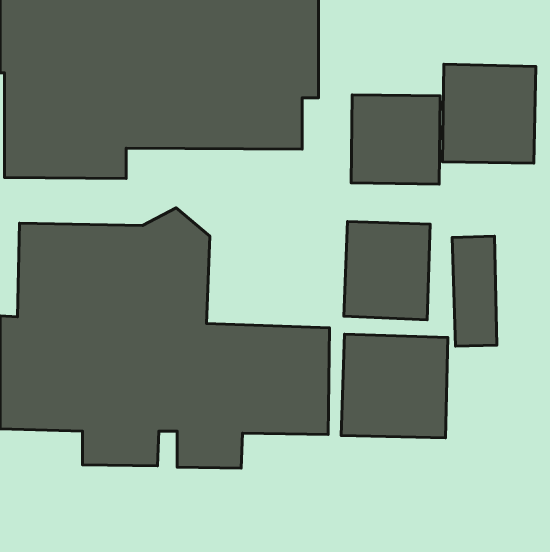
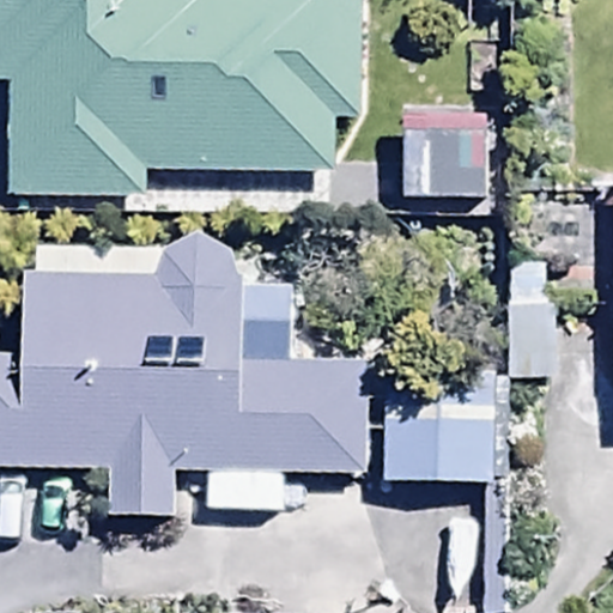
building: [443,64,536,163] -> none
building: [344,221,430,320] -> none

